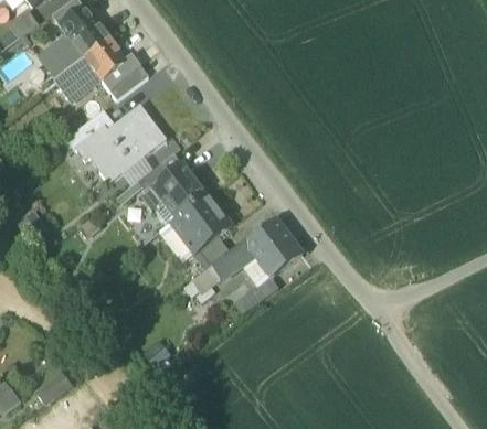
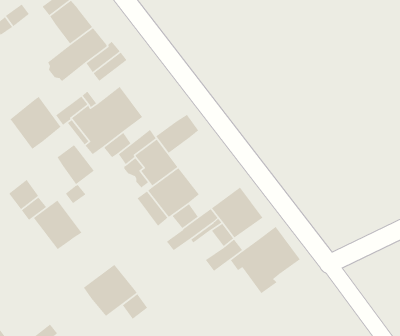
building: [41,36,84,78] -> none
building: none -> [9,96,62,150]
building: none -> [155,114,199,154]
building: none -> [56,144,95,185]
building: none -> [33,200,83,250]
building: none -> [230,226,301,294]
building: none -> [83,264,138,317]

